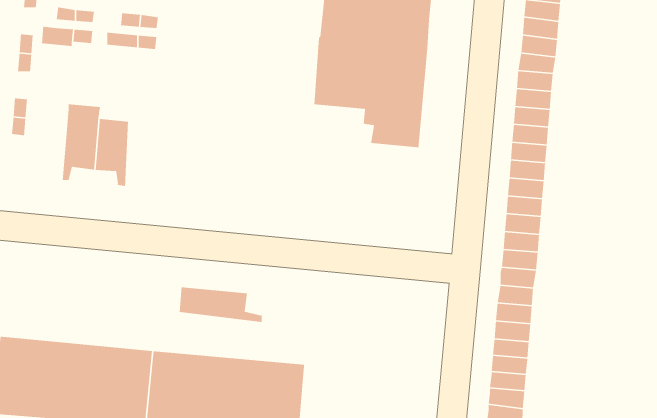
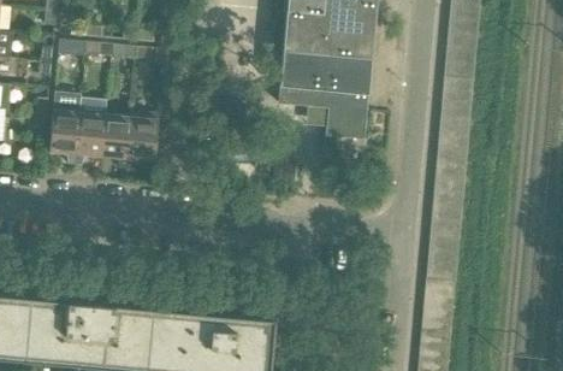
building: none -> [49,93,82,166]
building: none -> [128,113,159,171]
building: [179,286,263,323] -> none

